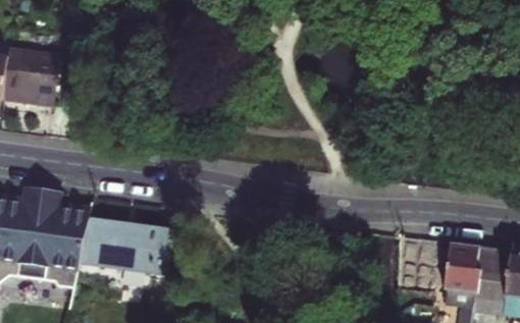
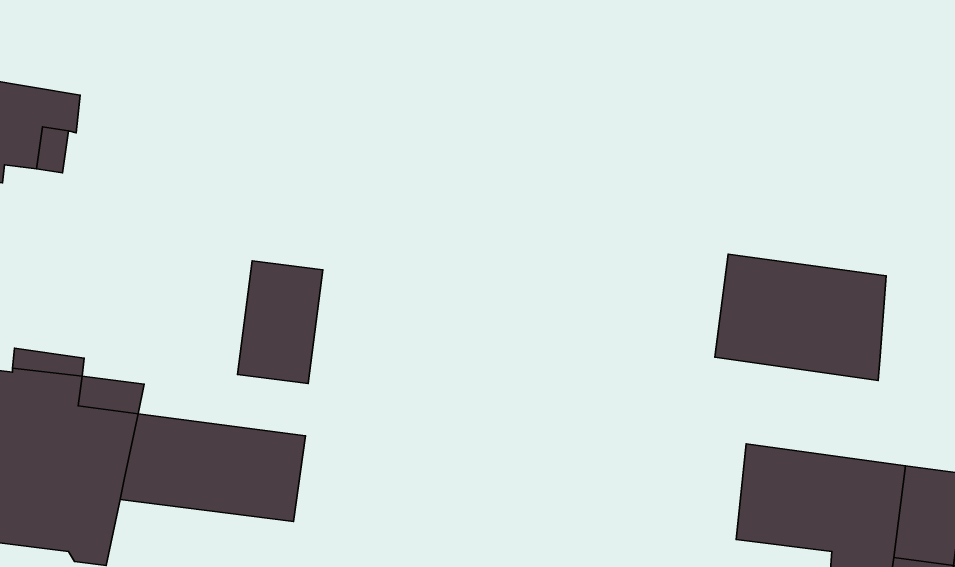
building: none -> [715,254,886,380]
building: none -> [237,261,323,383]

